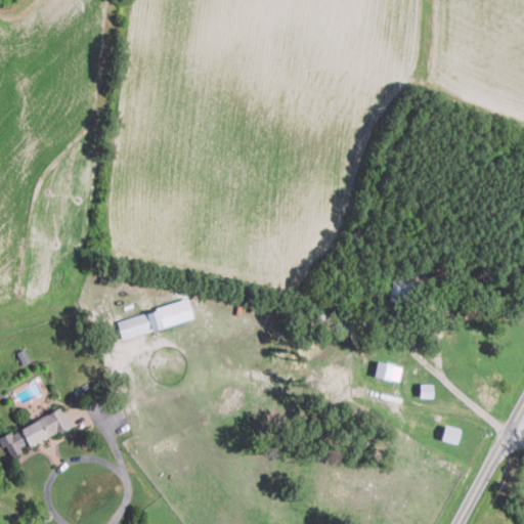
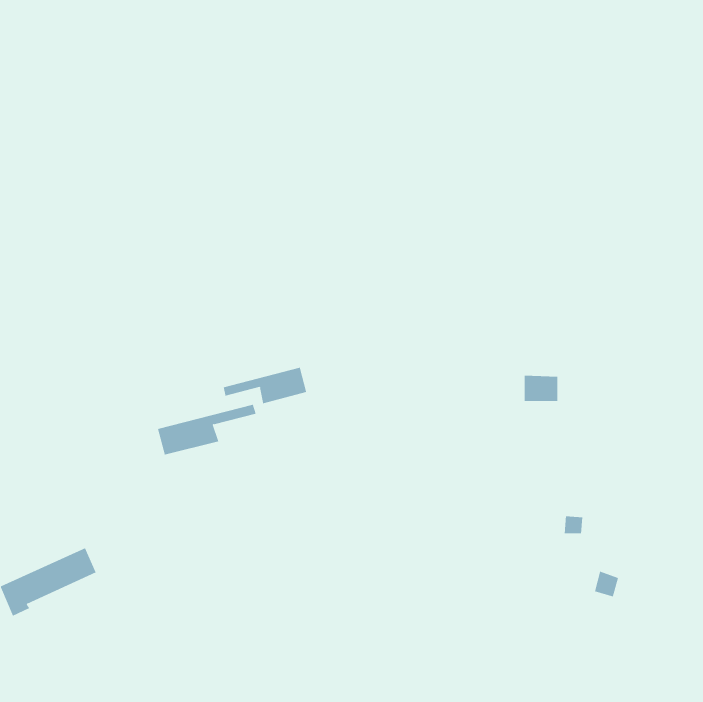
building: none -> [223,367,307,404]
building: [375,363,402,383] -> none

